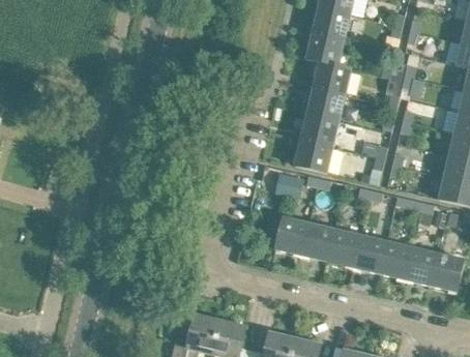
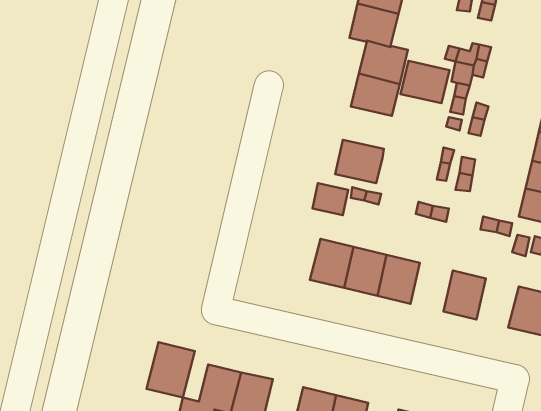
building: [300,112,339,145] -> [400,61,449,103]
building: [353,234,386,272] -> none
building: [405,246,438,285] -> none
building: none -> [147,342,195,398]

